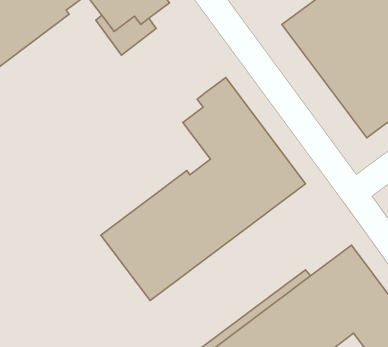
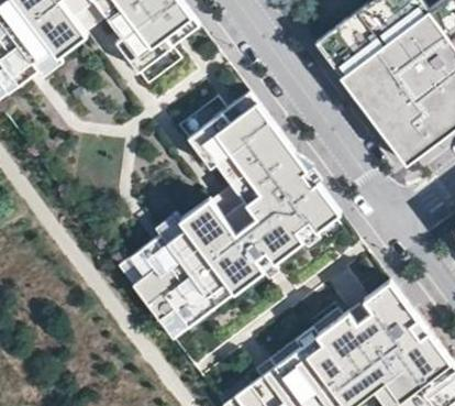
building: none -> [185,106,231,172]

